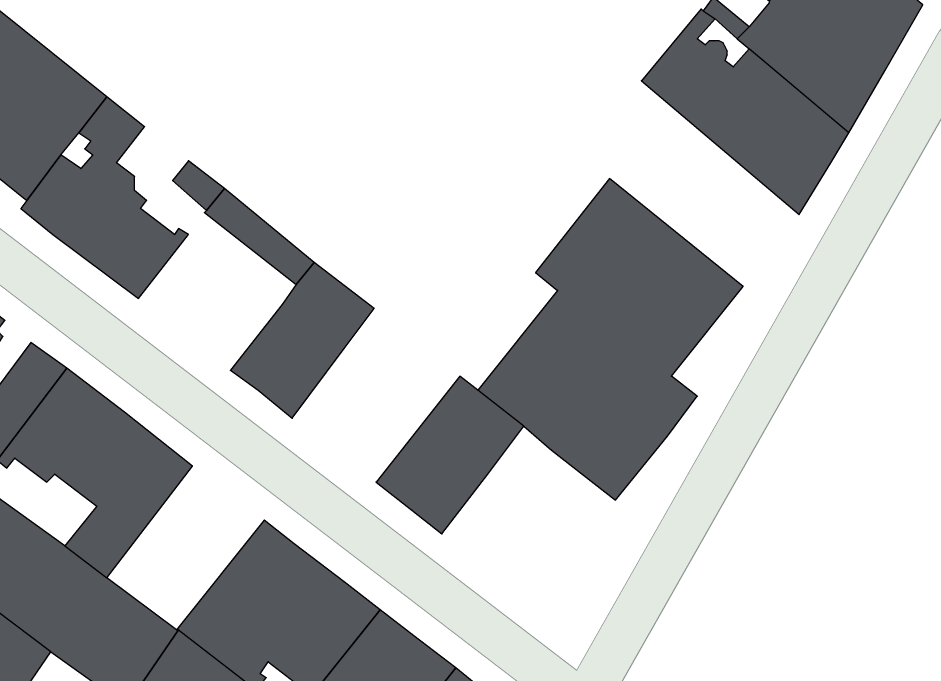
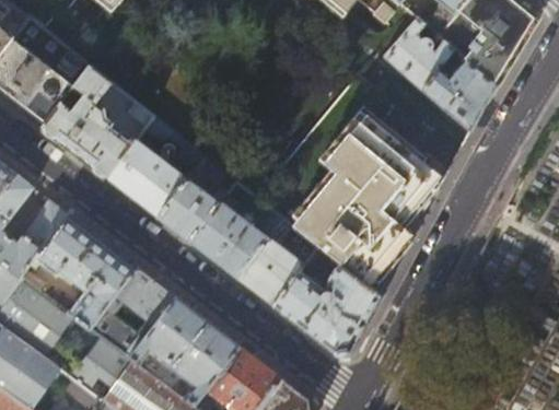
building: none -> [105,138,184,215]
building: none -> [189,203,281,277]
building: none -> [271,259,379,352]
building: none -> [88,268,174,358]

